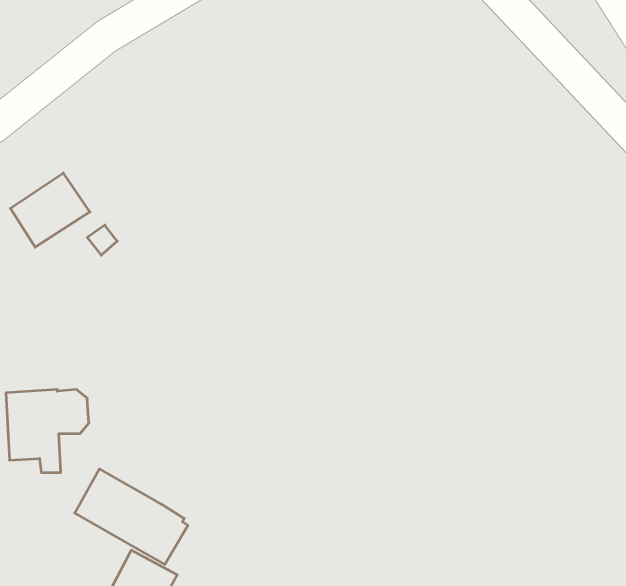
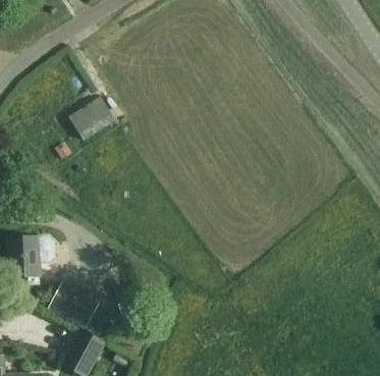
building: [10,173,90,247] -> [69,96,115,139]

